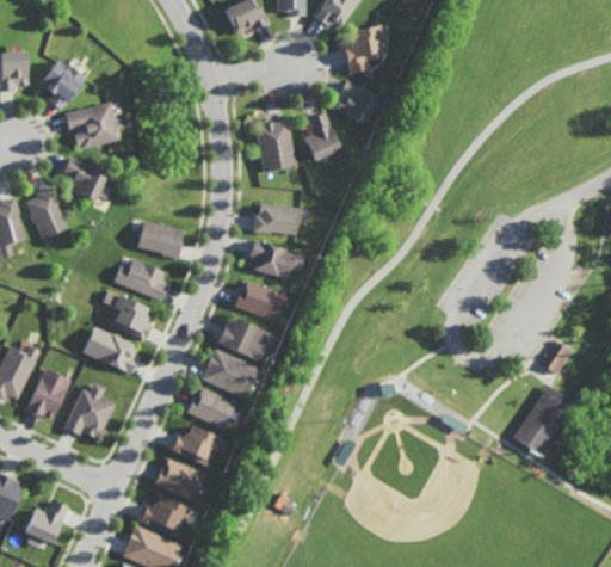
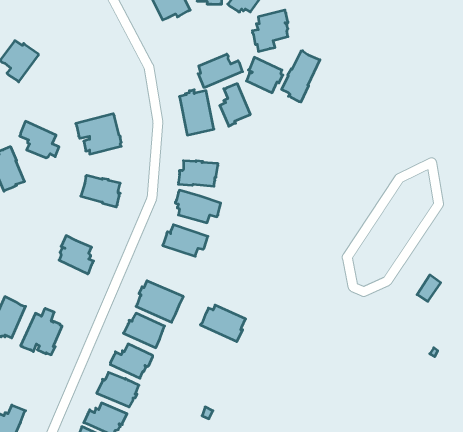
building: none -> [282,51,320,102]
building: none -> [198,54,243,87]
building: [63,100,118,149] -> [76,114,121,154]
building: [112,259,168,303] -> none
building: [216,319,271,363] -> [200,305,246,342]
building: [80,327,136,375] -> none
building: [512,387,575,458] -> none

